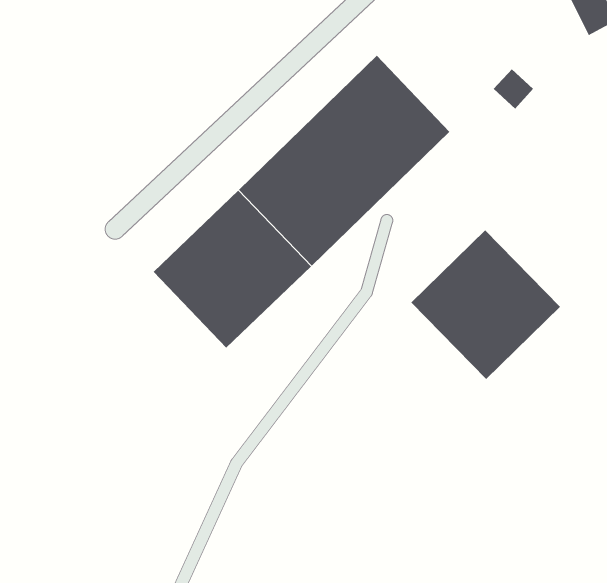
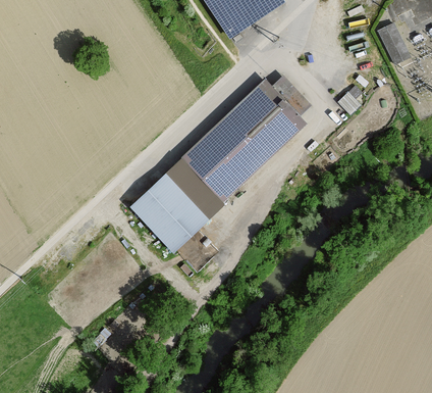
building: [410,230,561,380] -> none

